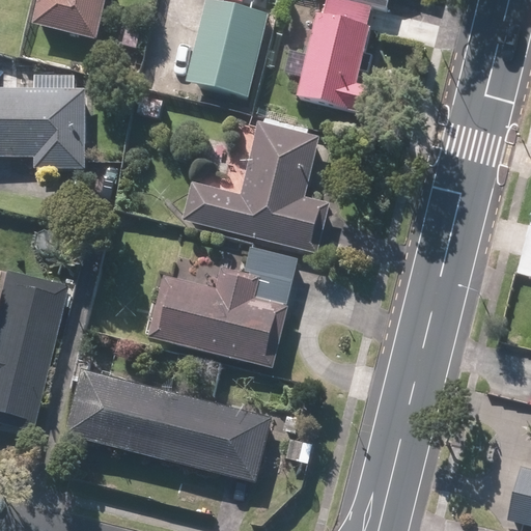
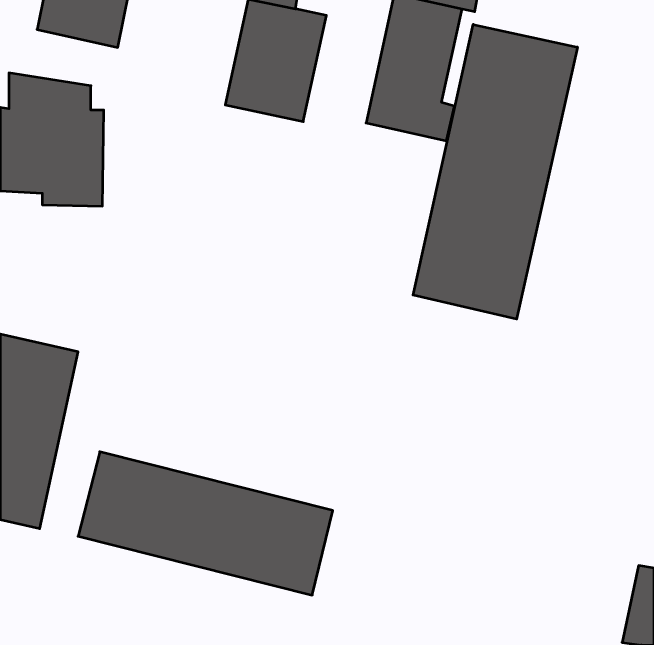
building: none -> [413,24,577,319]
building: [180,119,329,249] -> none
building: [144,248,301,368] -> none

